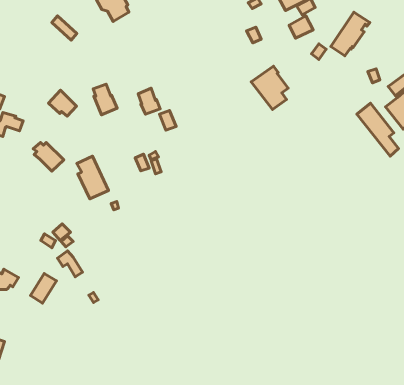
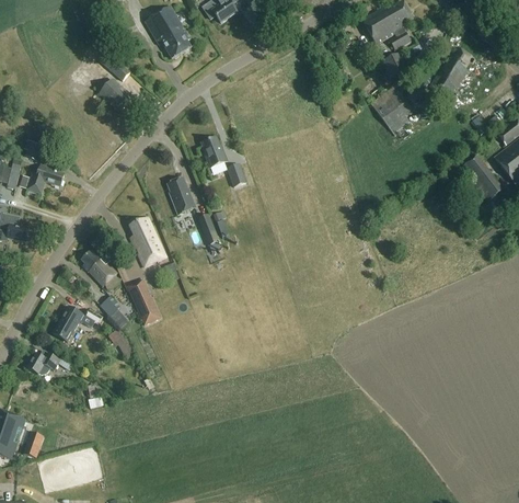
building: [251,66,288,110] -> [370,83,414,135]
building: [93,84,117,115] -> [168,178,196,214]
building: [49,90,76,116] -> [99,78,131,108]
building: [33,142,64,171] -> [81,251,117,285]
building: none -> [126,277,161,324]
building: [30,273,56,303] -> [53,306,83,341]

